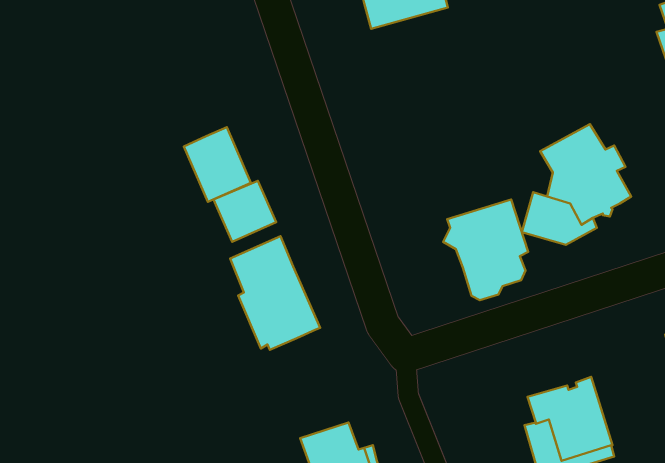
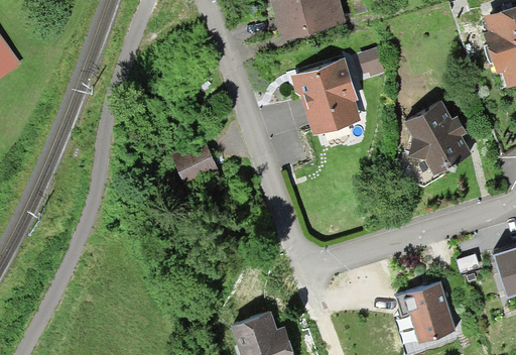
building: [184,127,251,202] -> none
building: [443,199,528,300] -> [297,61,358,132]
building: [230,236,320,350] -> none

